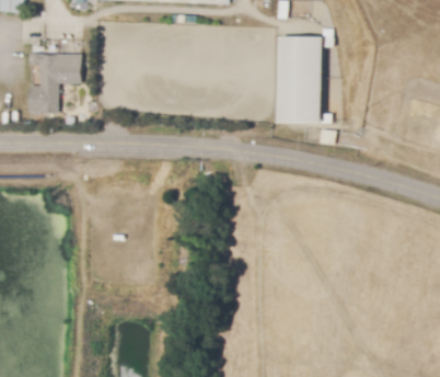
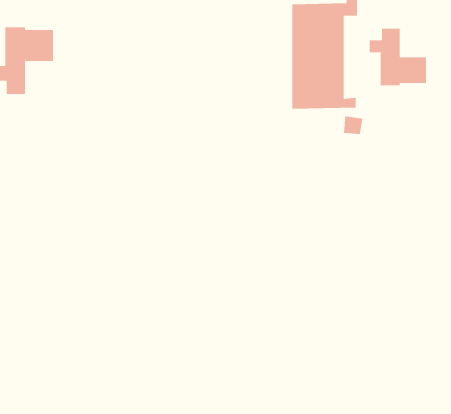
building: none -> [369,28,426,86]

